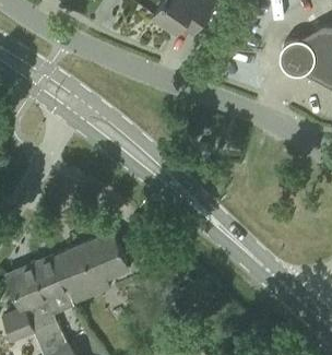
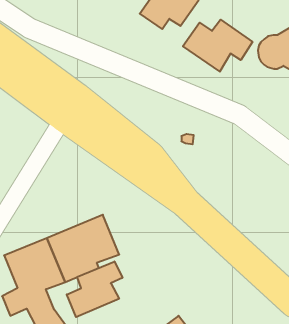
building: none -> [183,20,252,72]
building: none -> [67,261,122,317]

